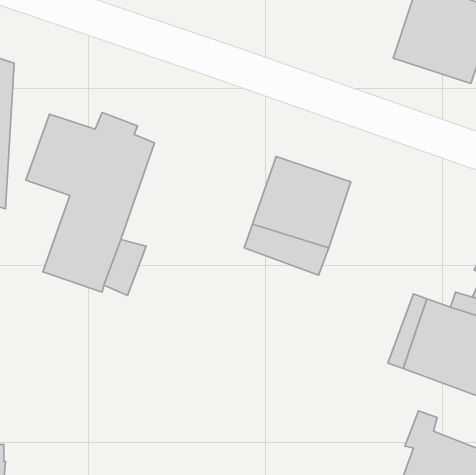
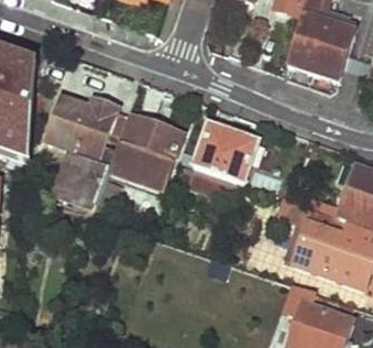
building: none -> [114,113,184,187]

